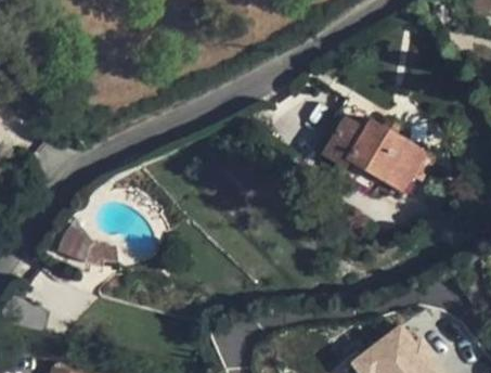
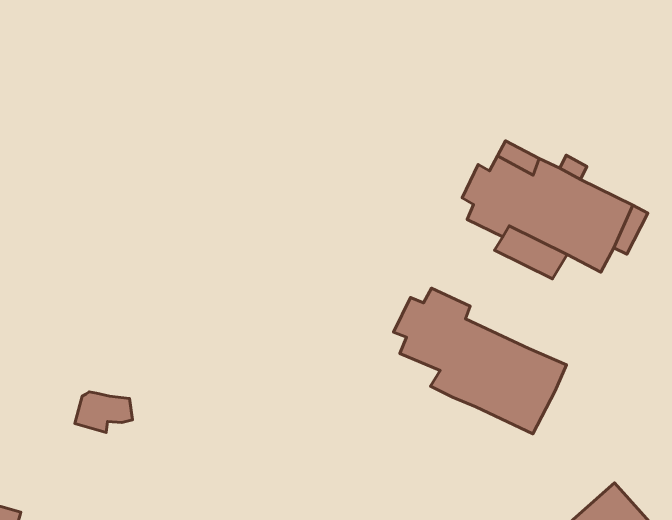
building: none -> [394,288,566,434]

